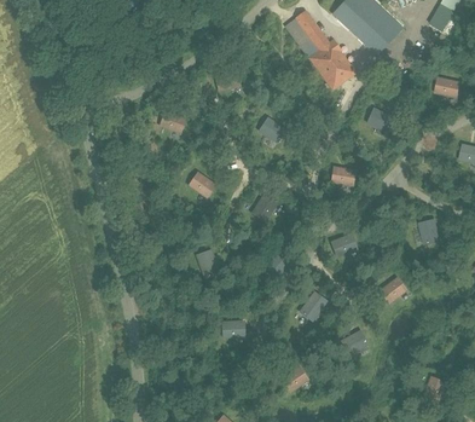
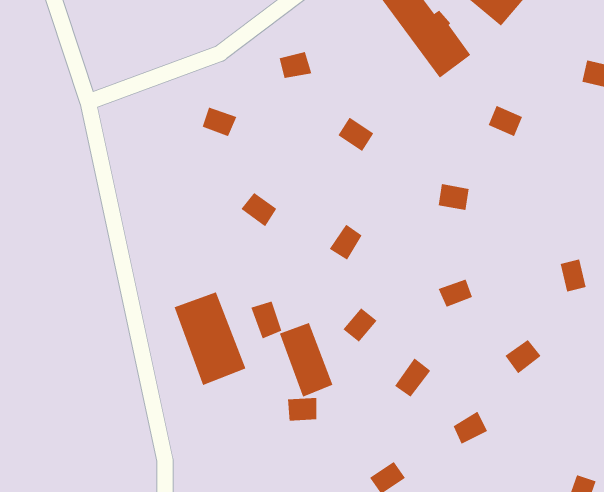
building: none -> [174,291,246,386]
building: none -> [279,322,333,397]

